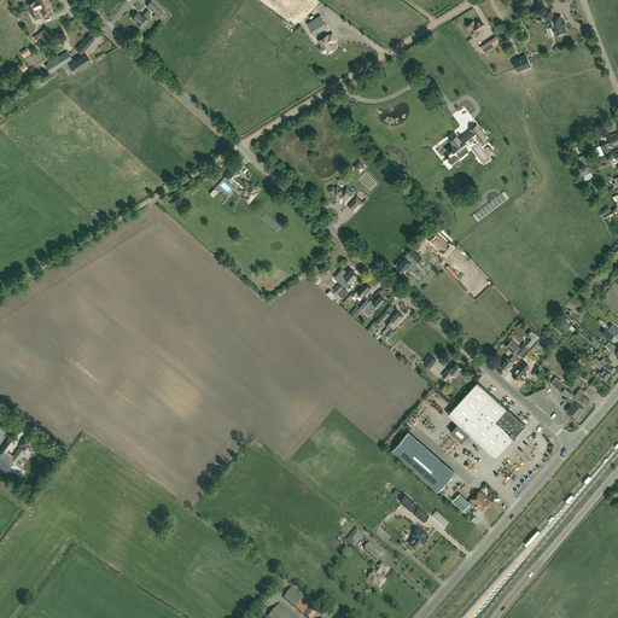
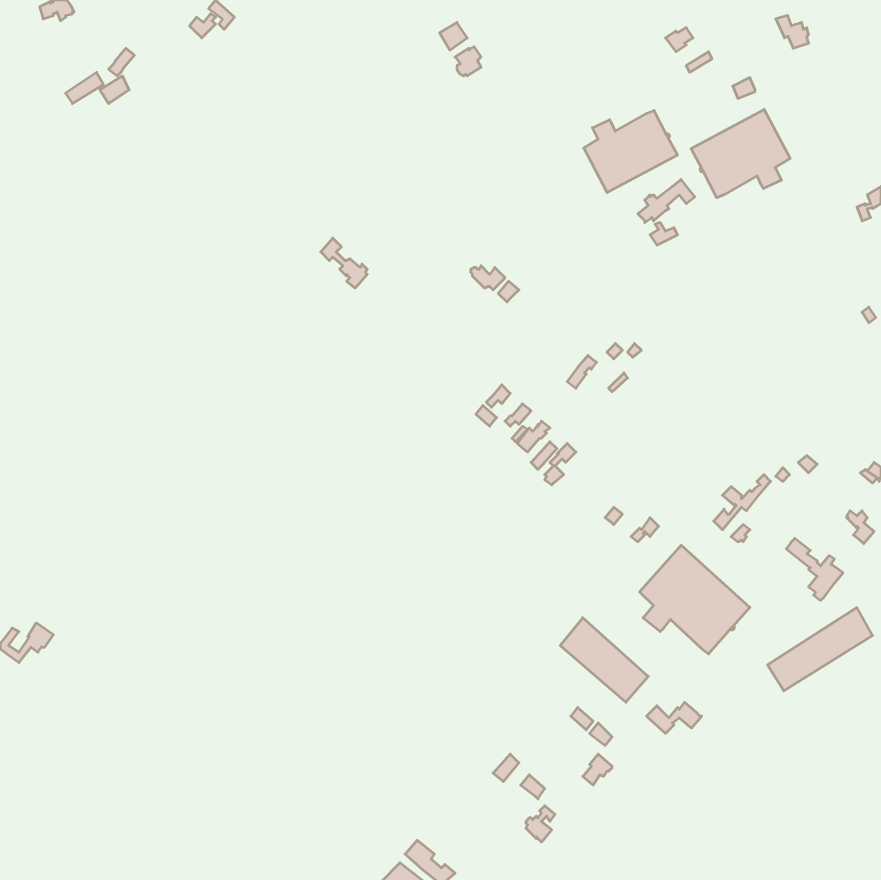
building: none -> [691,109,790,198]
building: none -> [584,110,677,193]
building: none -> [768,608,873,691]

